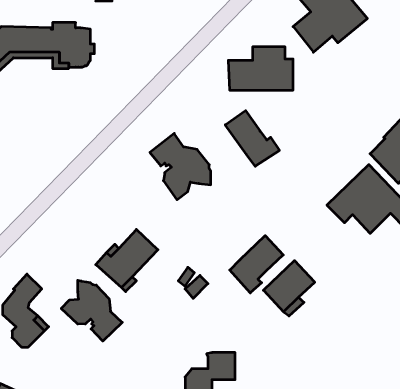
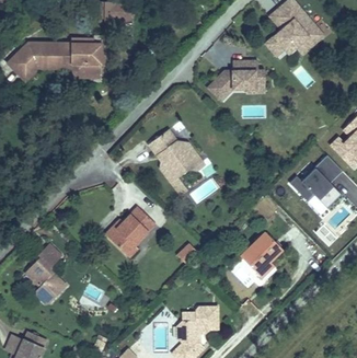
building: [225,111,279,166] -> none
building: [230,236,283,293] -> none
building: [61,280,122,341] -> none

